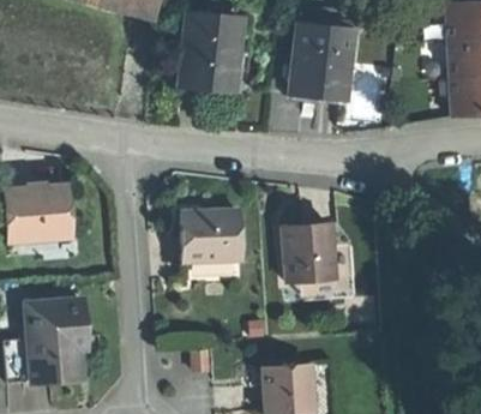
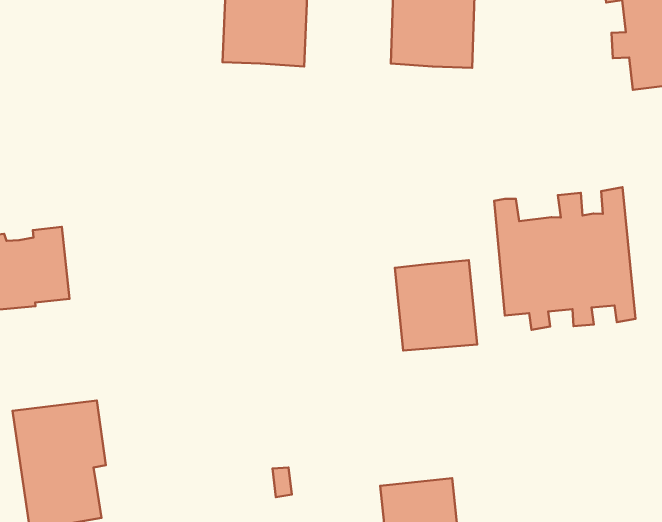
building: none -> [494,187,636,330]
building: [182,217,242,268] -> none

